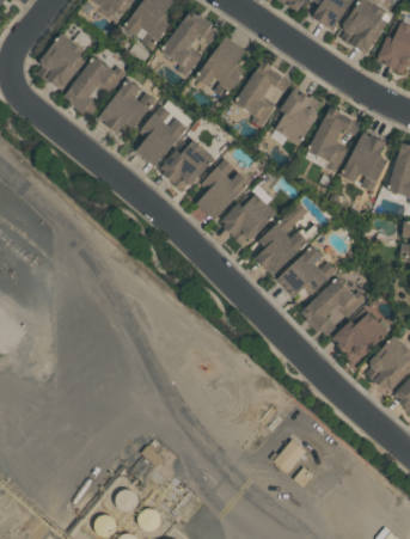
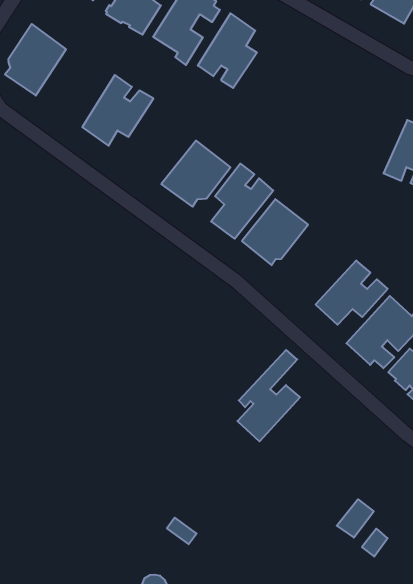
building: [61,56,128,115] -> none
building: [234,61,292,125] -> none
building: [270,90,322,145] -> none
building: [136,105,188,169] -> none
building: [306,106,360,171] -> none
building: [256,202,308,275] -> [237,350,300,441]

